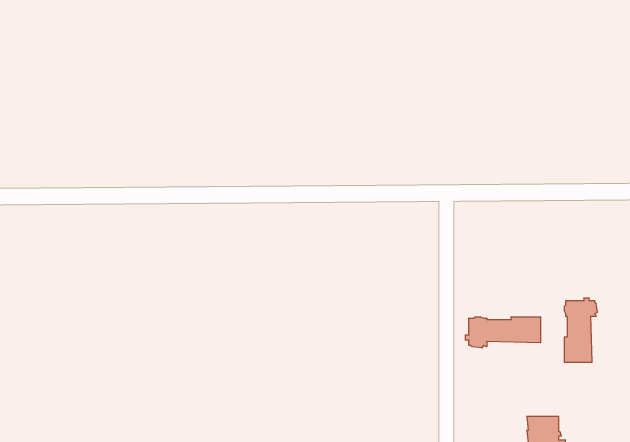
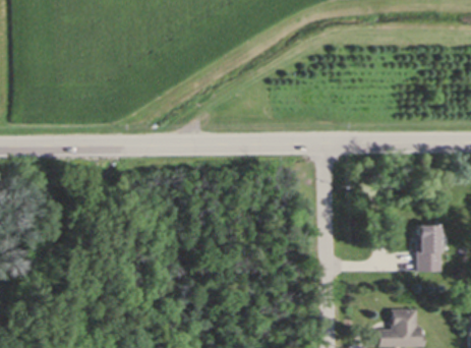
building: [466,317,541,348] -> none

